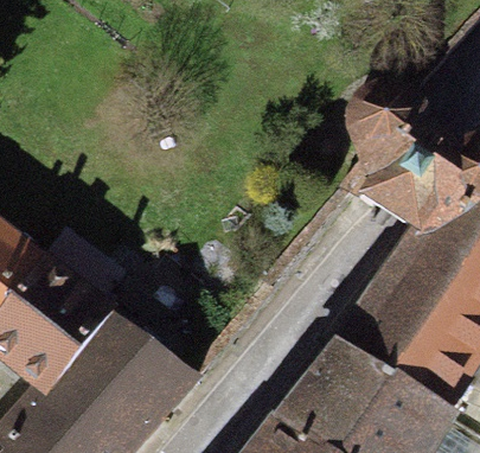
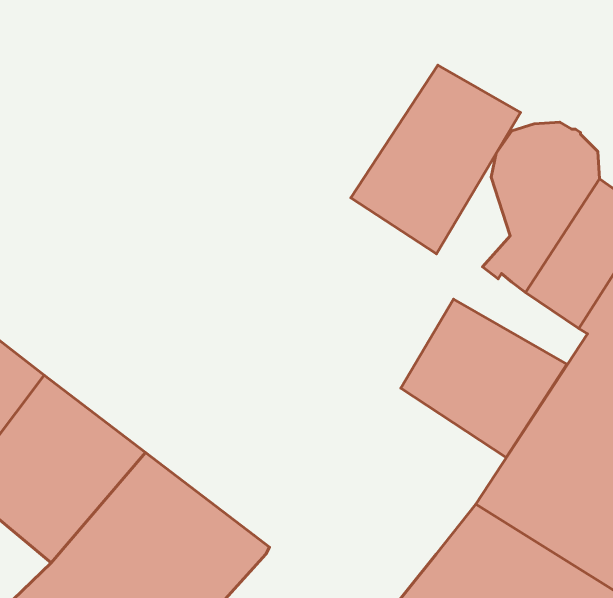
building: none -> [351,65,520,254]
building: none -> [401,299,567,458]

